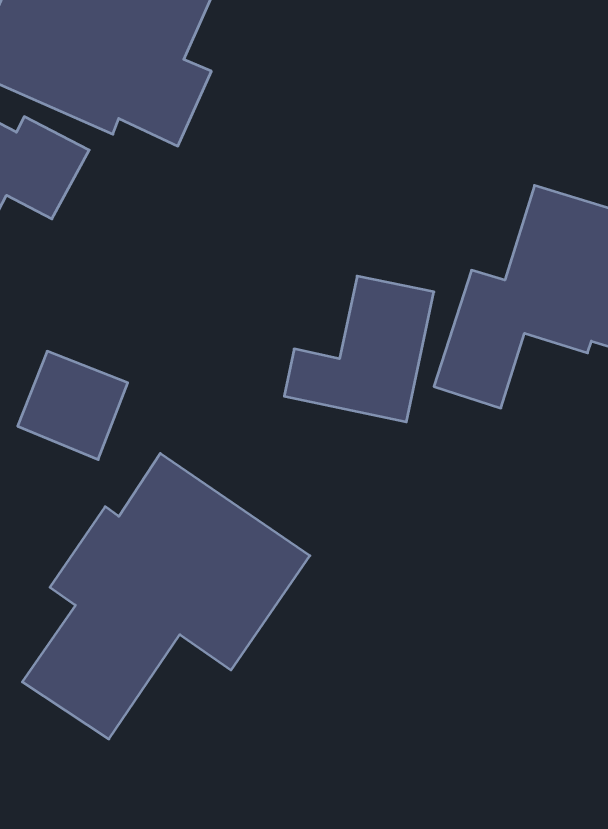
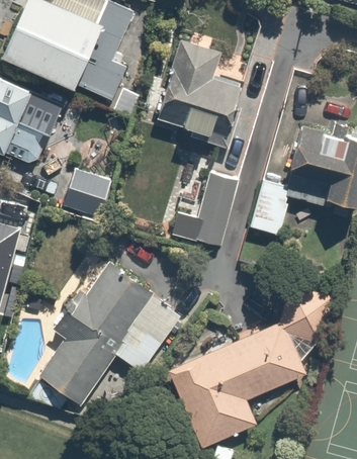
building: none -> [158,42,243,142]
building: [18,351,128,460] -> [53,161,109,216]
building: none -> [167,295,326,447]

